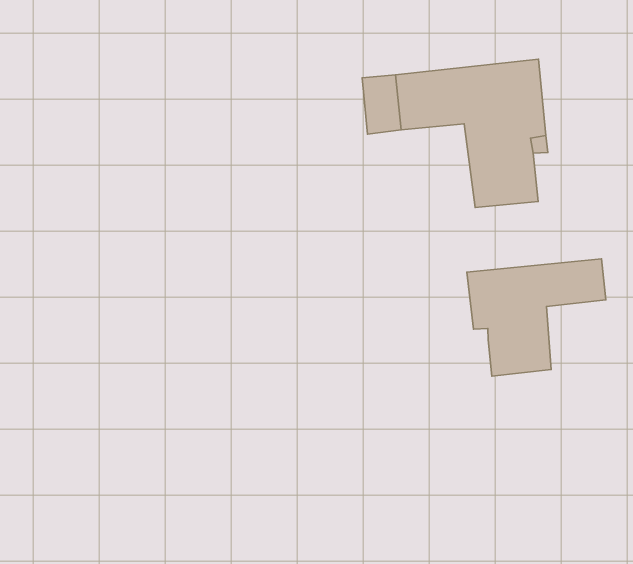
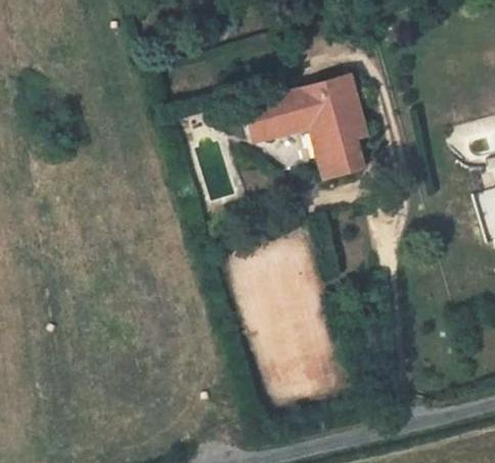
building: [467,259,606,376] -> none

